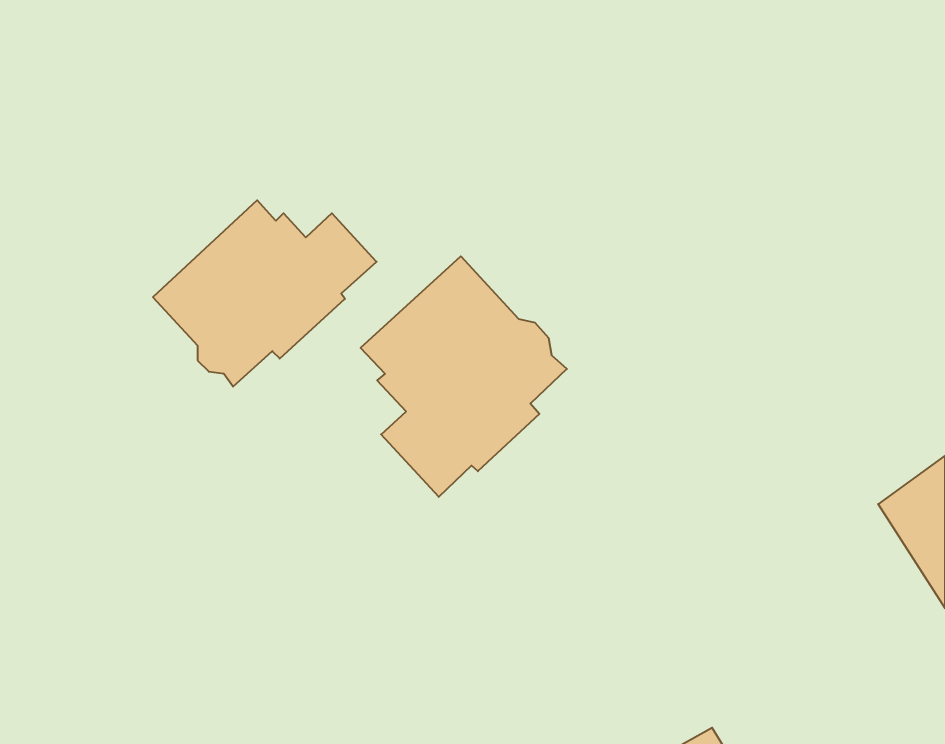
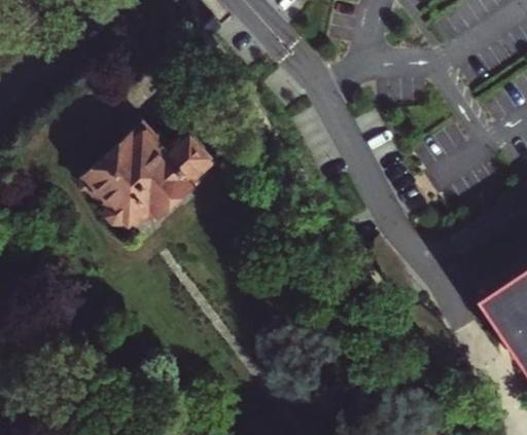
building: [361,256,567,497] -> none

